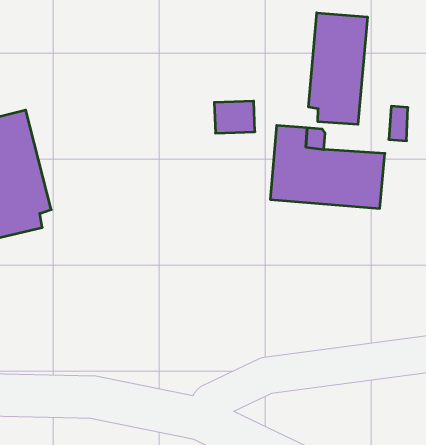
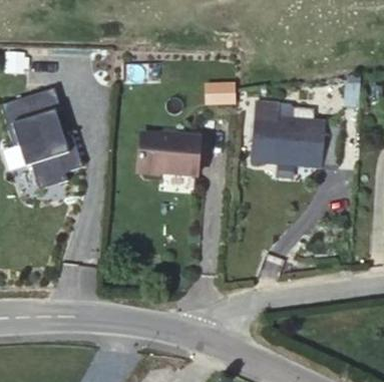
building: [309,13,367,124] -> none
building: none -> [137,133,200,174]

